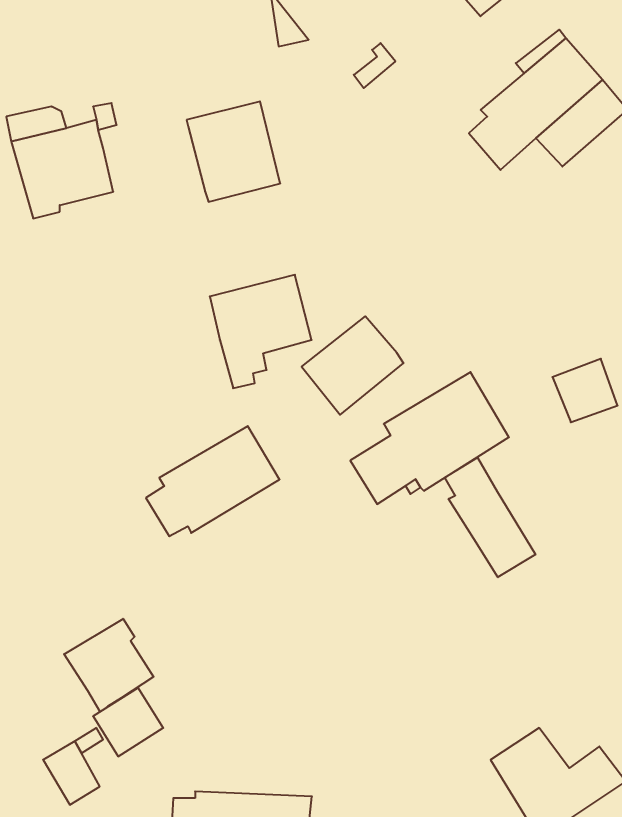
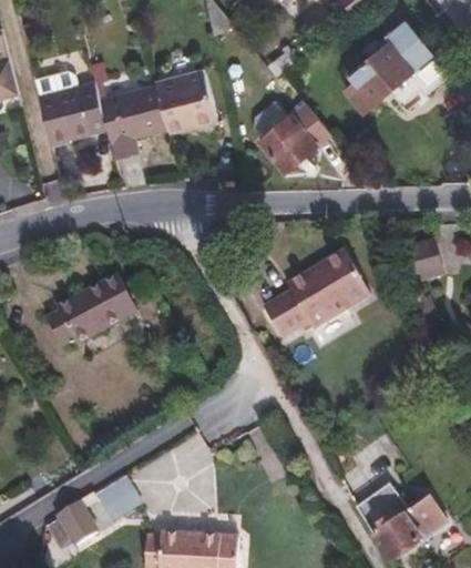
building: [210,275,312,388] -> [100,87,167,162]
building: [302,316,404,415] -> [258,108,326,173]
building: [146,426,280,536] -> [48,263,136,336]
building: [445,457,535,577] -> none
building: [64,619,154,712] -> none

